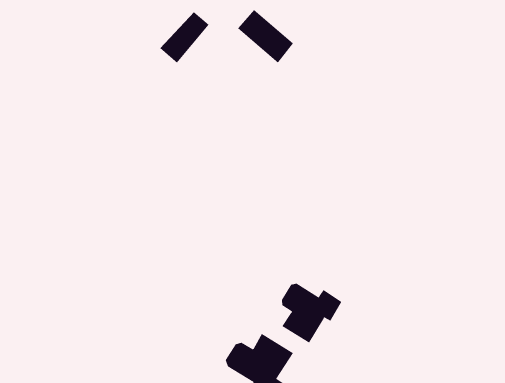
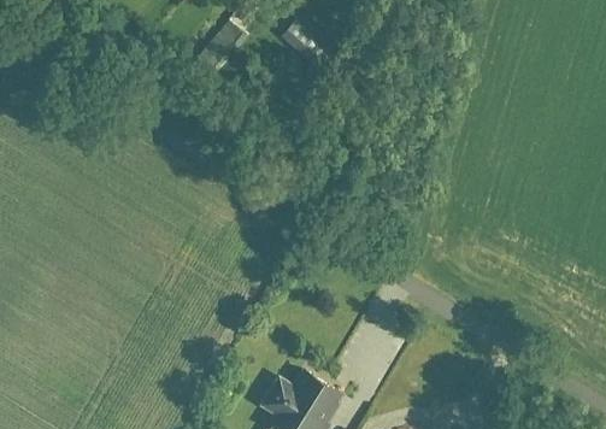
building: [281,283,342,344] -> none

